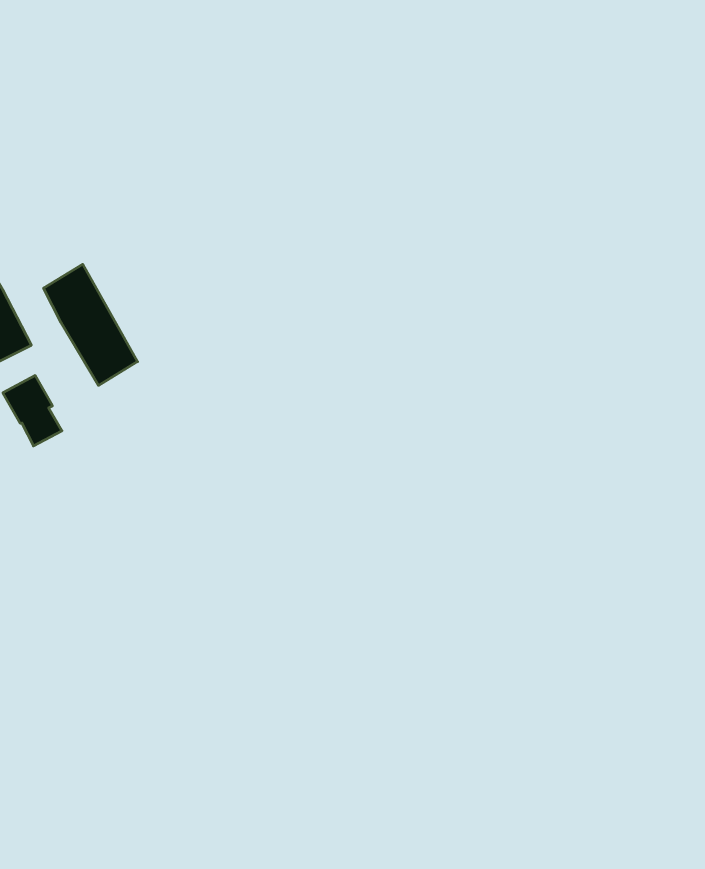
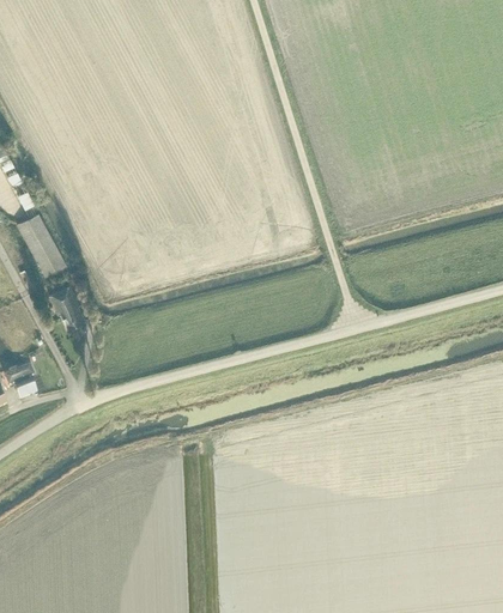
building: [44,264,138,385] -> none

